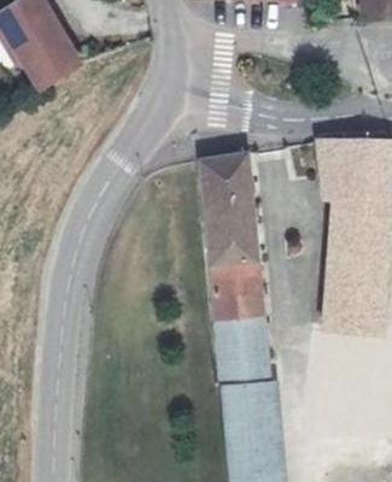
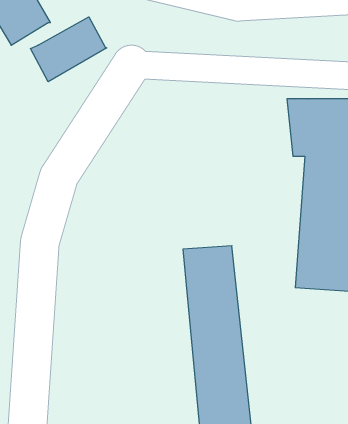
building: none -> [30,17,107,82]
building: [200,152,262,292] -> none

